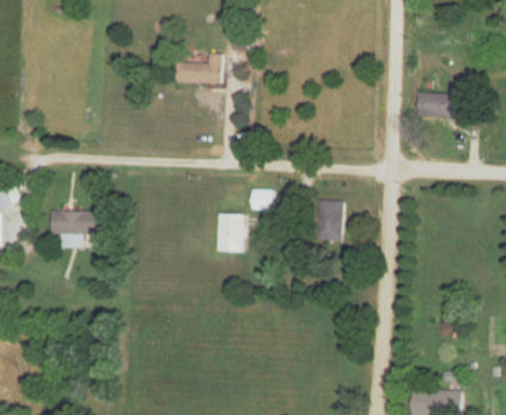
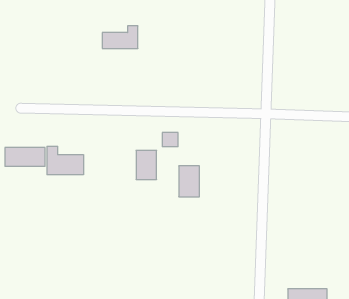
building: [416,93,463,116] -> none
building: [317,201,343,240] -> [179,166,199,197]
building: none -> [47,146,83,175]

